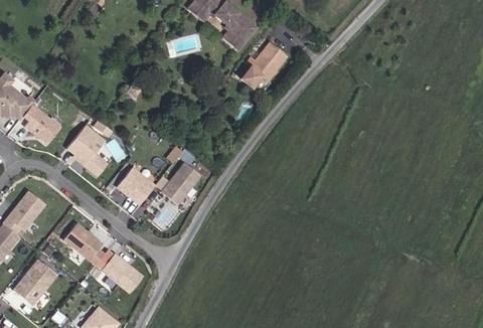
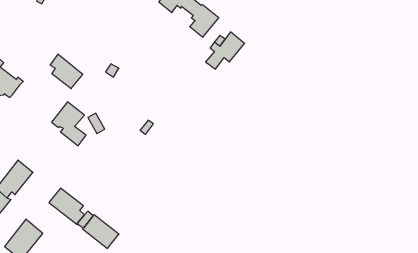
building: [22,105,59,144] -> [50,54,83,89]
building: [161,162,199,203] -> none
building: [117,167,154,204] -> none

